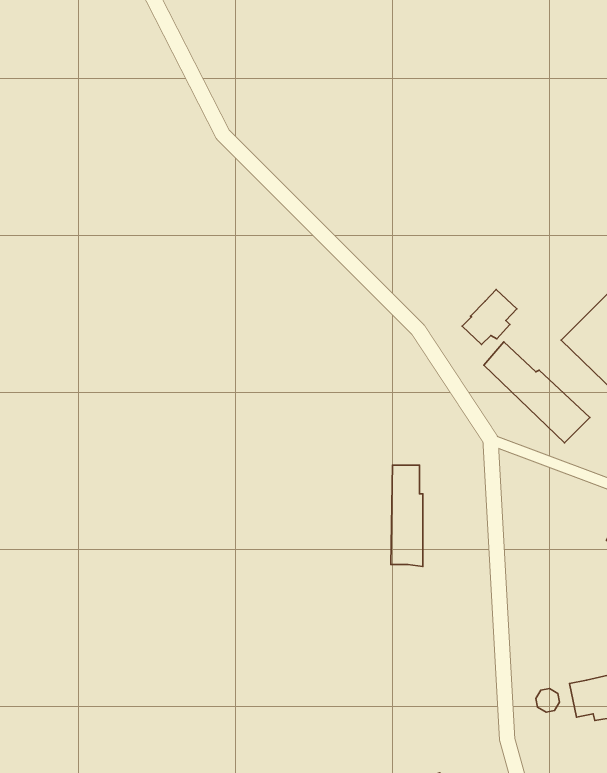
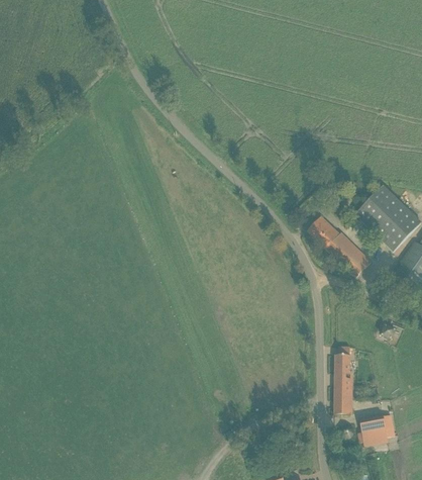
building: [462,290,517,345] -> none
building: [391,465,423,566] -> [333,354,352,414]

